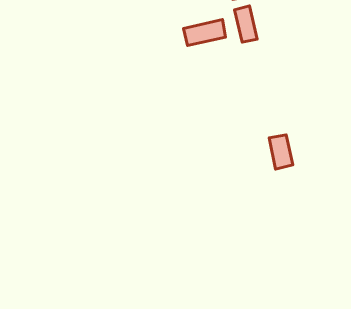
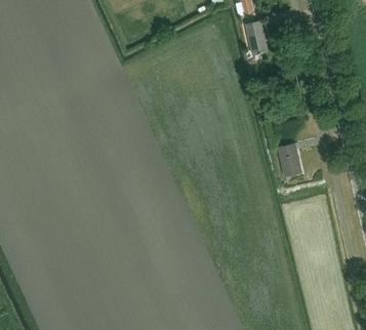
building: [183,20,225,45] -> none

